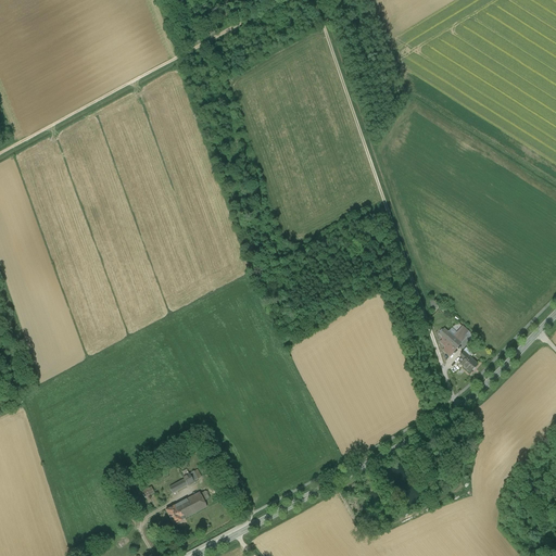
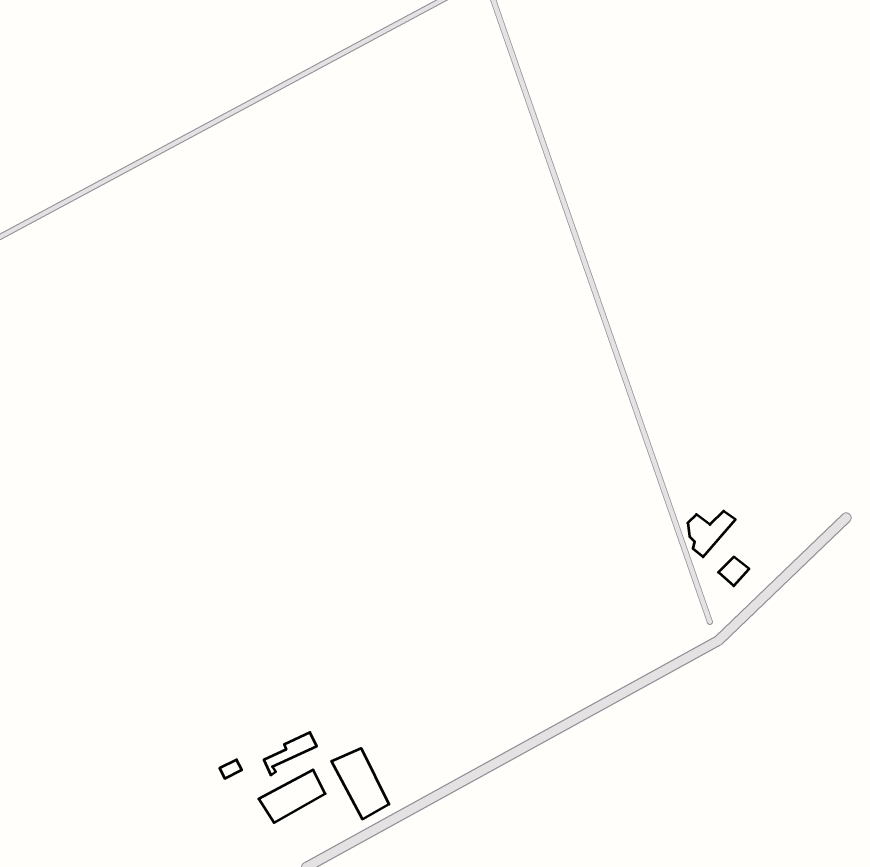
building: none -> [332,748,389,819]

